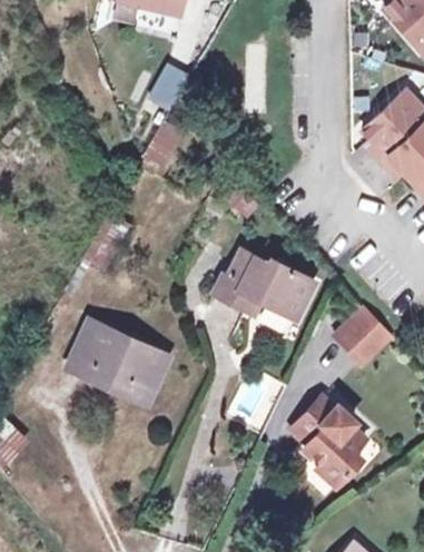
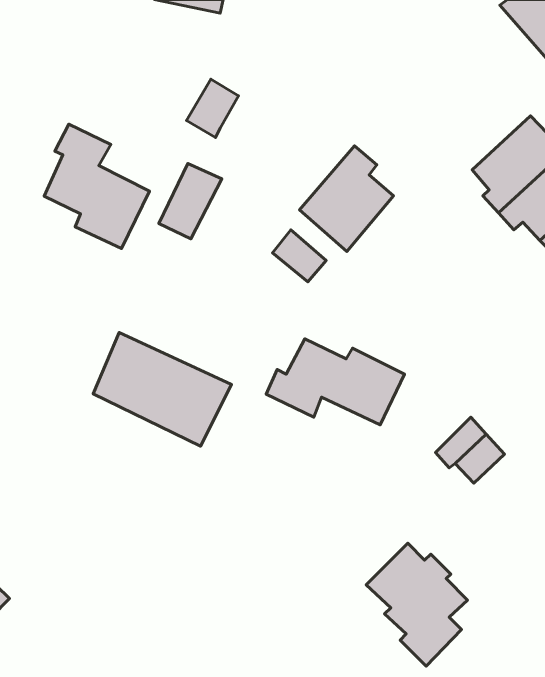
building: none -> [44,124,150,249]
building: none -> [300,146,394,251]
building: [71,326,171,408] -> [93,332,231,446]

